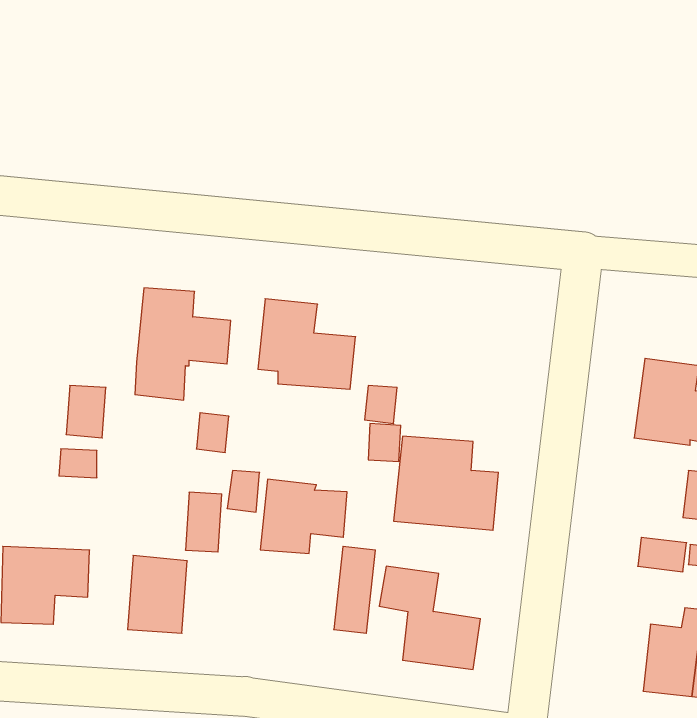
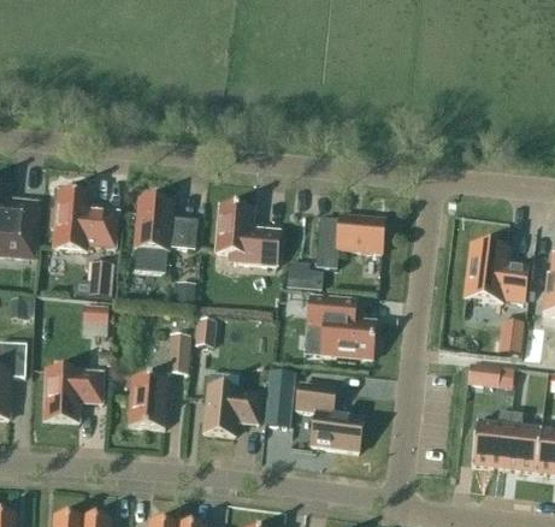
building: none -> [54,189,119,249]
building: none -> [317,214,385,268]
building: [260,479,347,553] -> [203,384,261,433]

